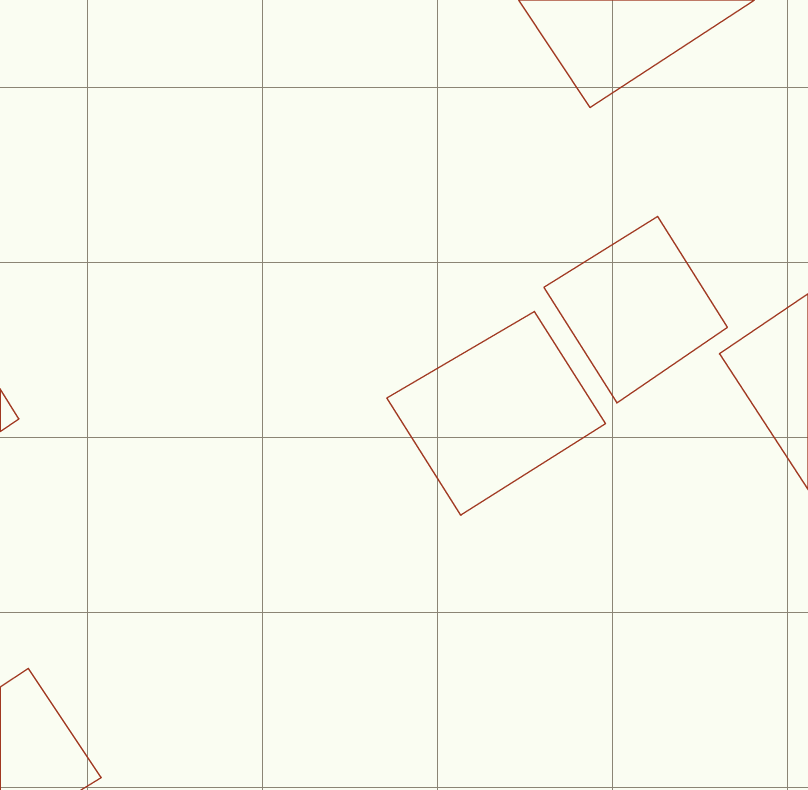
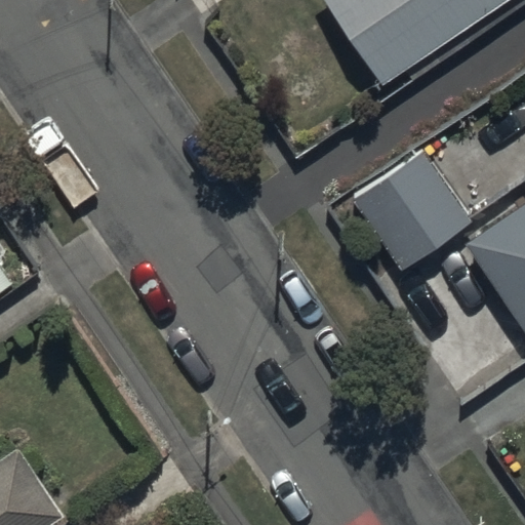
building: [387,311,605,515] -> none

